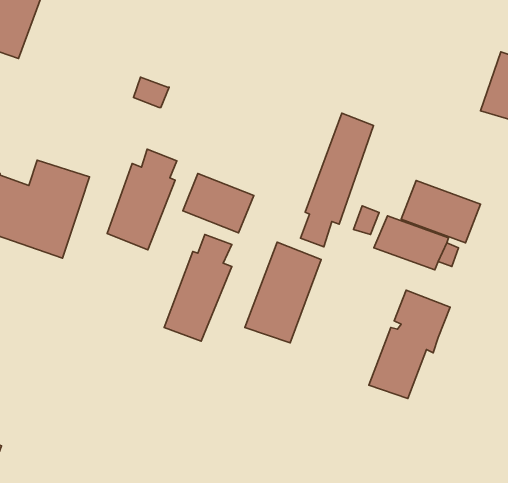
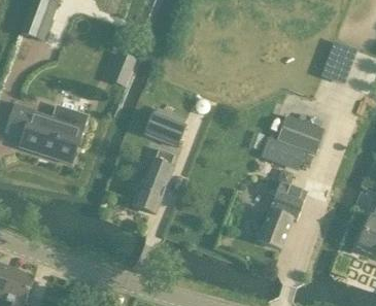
building: [300,113,374,247] -> none
building: [107,149,177,250] -> none
building: [245,242,321,343] -> none

